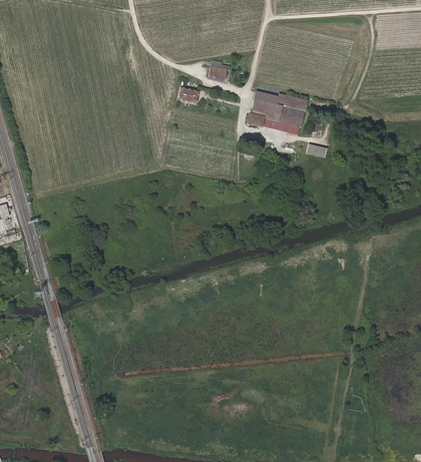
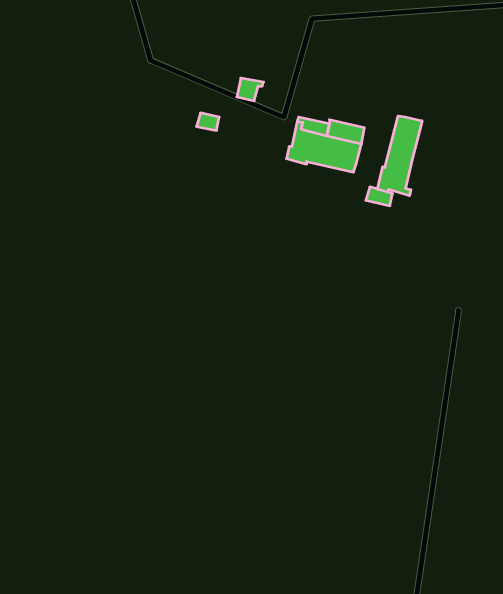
building: none -> [378,116,422,196]

